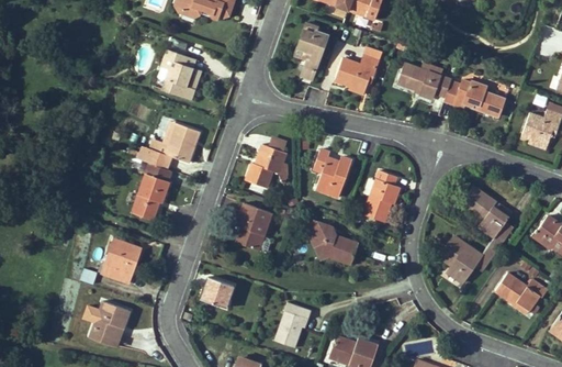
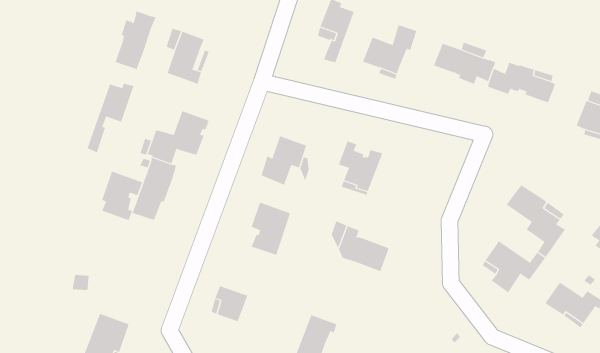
building: none -> [115,11,156,70]
building: none -> [87,83,134,153]
building: [363,170,400,222] -> none
building: [104,238,140,282] -> [101,171,143,221]

